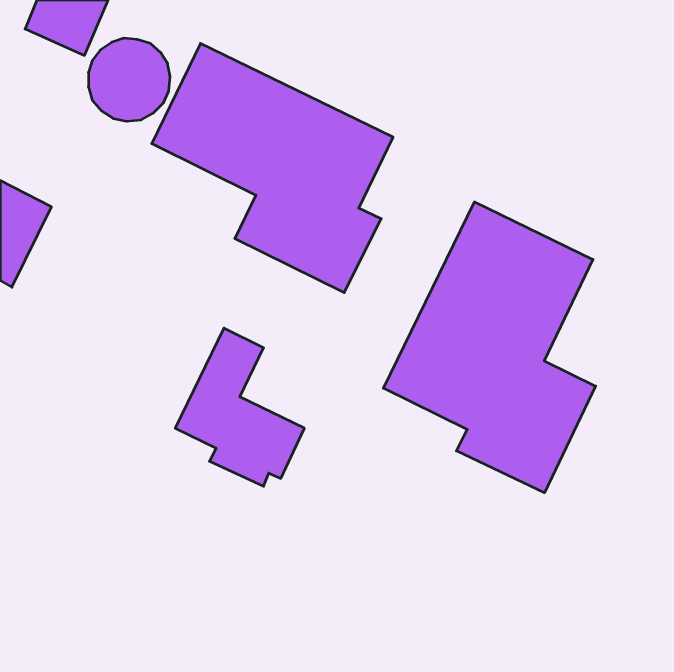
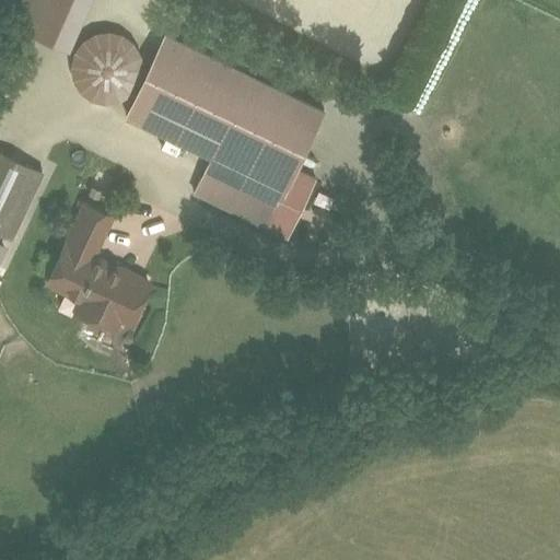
building: [383,202,596,493] -> none
building: [175,328,304,486] -> [40,198,148,329]

